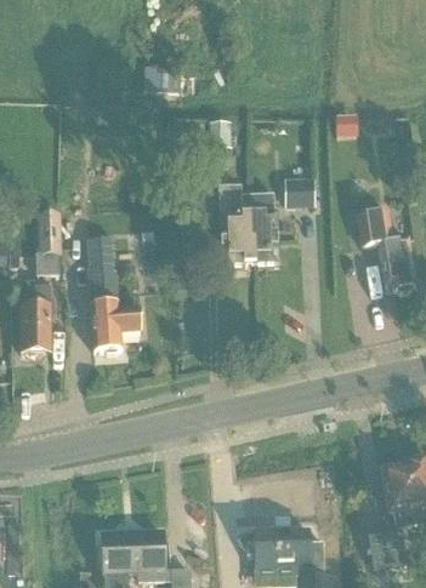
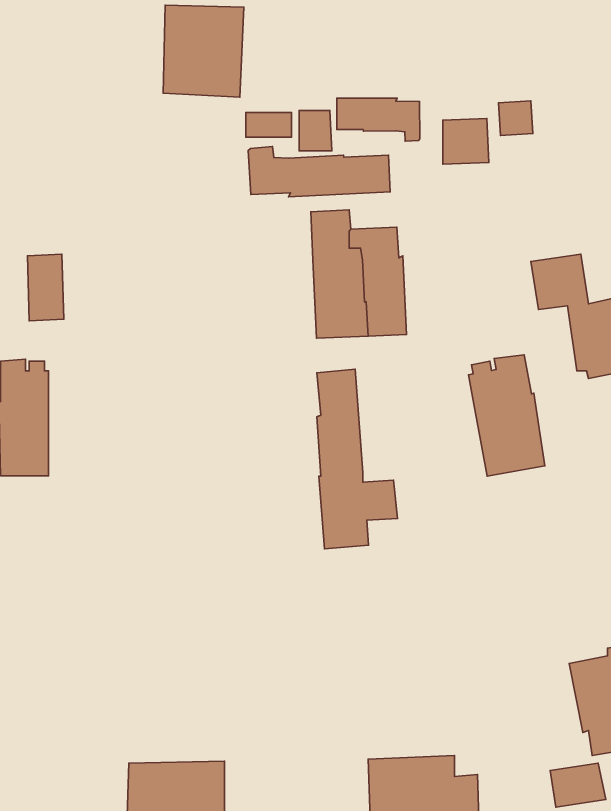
building: none -> [337,98,420,141]
building: none -> [248,147,390,197]
building: [284,176,313,205] -> [443,118,489,164]
building: [89,235,140,349] -> [317,369,397,549]
building: none -> [468,355,545,476]

